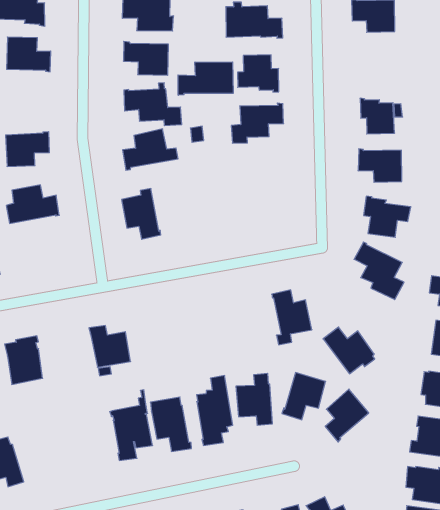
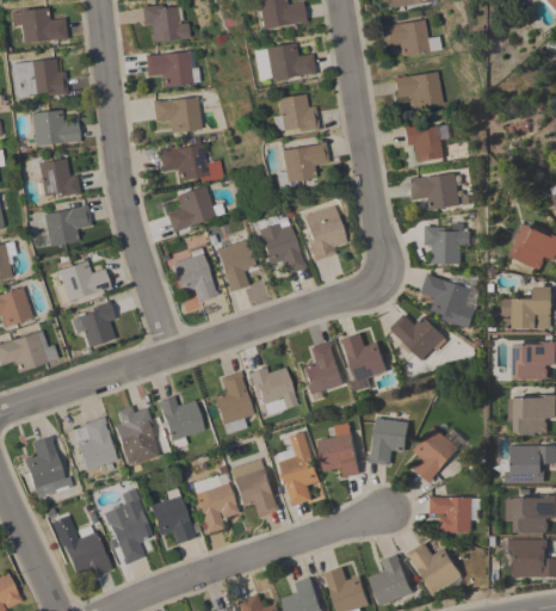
building: none -> [394,70,444,107]
building: [178,62,233,95] -> none
building: none -> [39,158,81,196]
building: none -> [304,205,347,261]
building: none -> [258,215,308,273]
building: none -> [217,229,257,291]
building: none -> [72,301,116,347]
building: none -> [303,341,344,401]
building: none -> [248,366,298,412]
building: none -> [214,371,254,434]
building: [323,327,375,374] -> [390,314,446,360]
building: none -> [115,406,160,463]
building: none -> [150,488,197,544]
building: none -> [105,498,150,564]
building: none -> [431,496,481,532]

